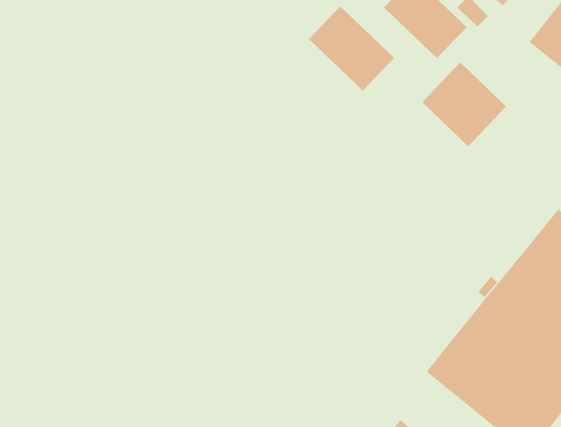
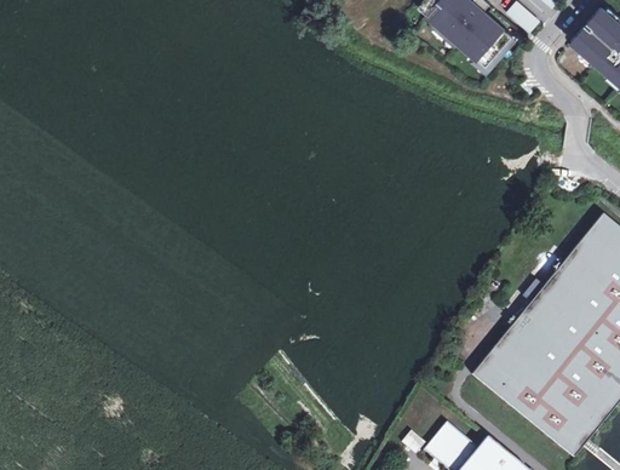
building: [308,6,395,92] -> none
building: [421,62,507,147] -> none

